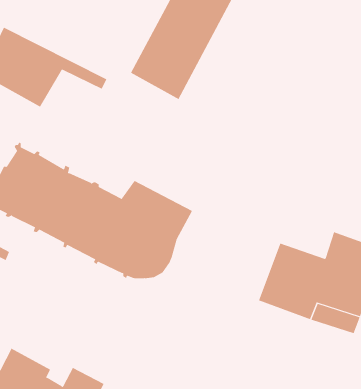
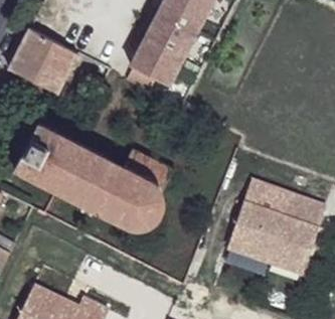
building: none -> [246,178,289,212]

